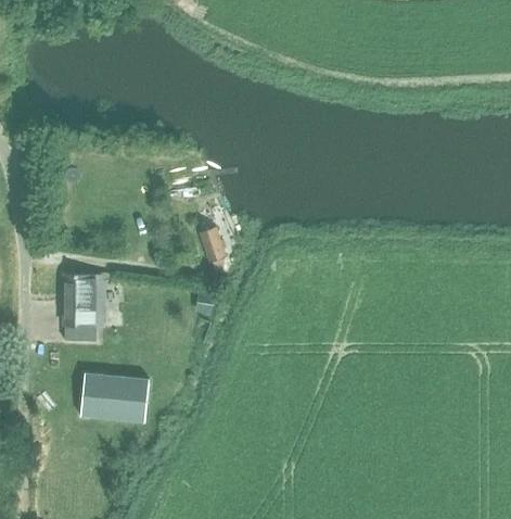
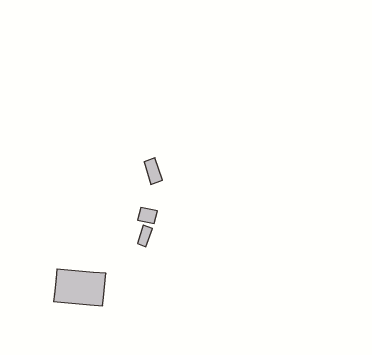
building: [67,275,102,329] -> none

